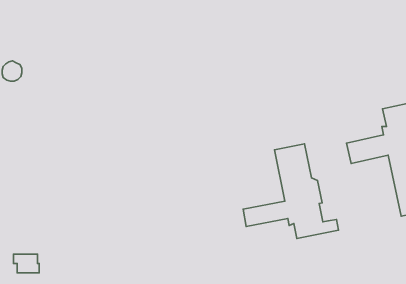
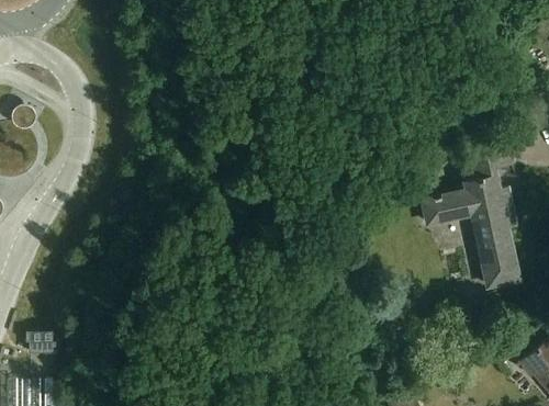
building: [243,144,339,238] -> none

